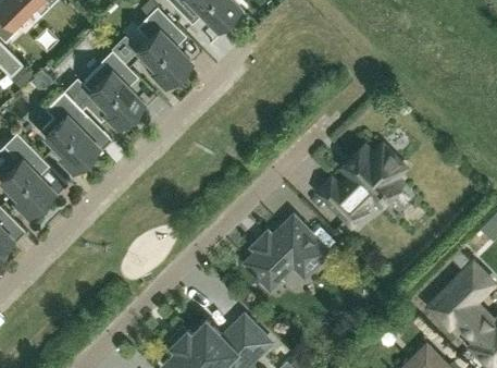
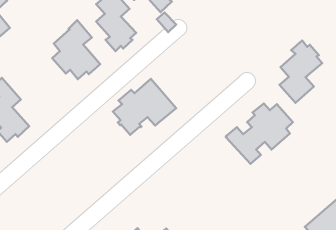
building: none -> [280,40,322,103]
building: [40,91,100,173] -> none
building: [246,217,330,293] -> [113,79,176,135]

